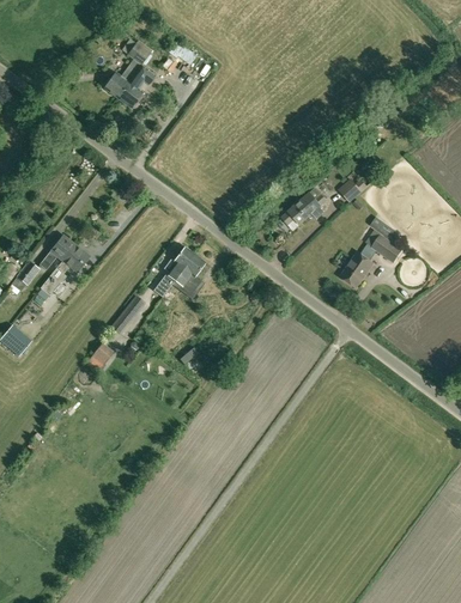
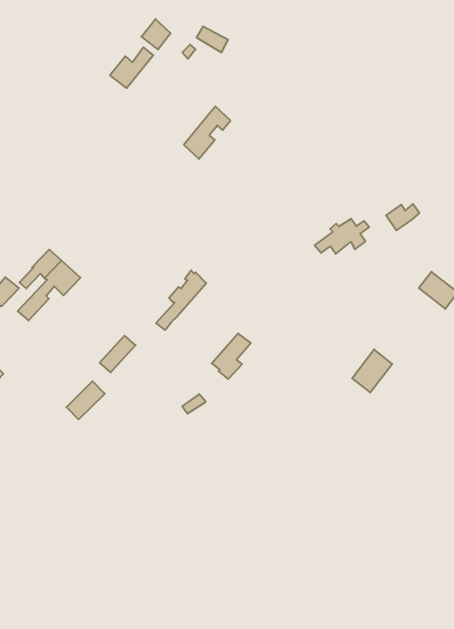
building: [117,65,154,109] -> [184,106,230,159]
building: [340,251,372,287] -> [352,349,392,393]
building: [174,255,205,293] -> [212,333,251,379]

